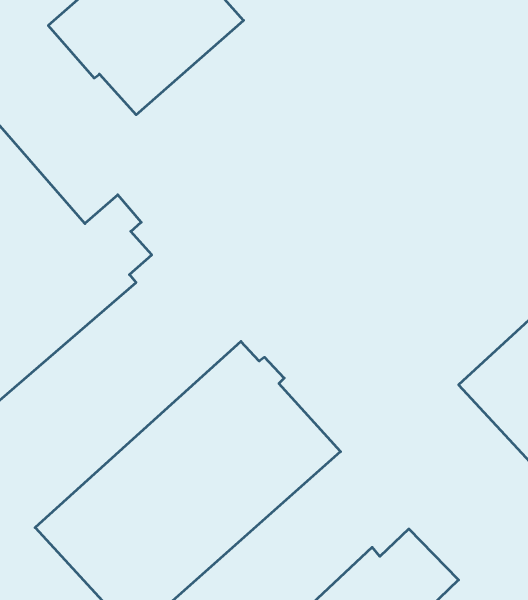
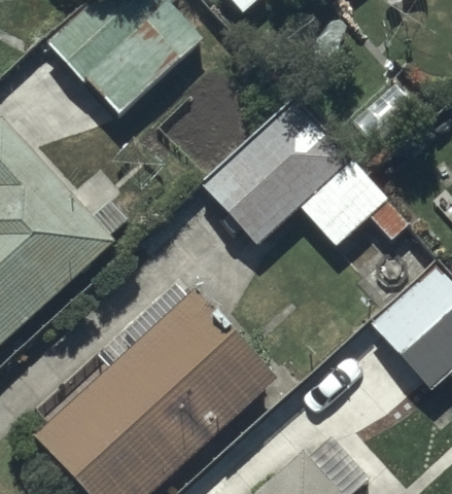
building: none -> [201,96,410,249]

